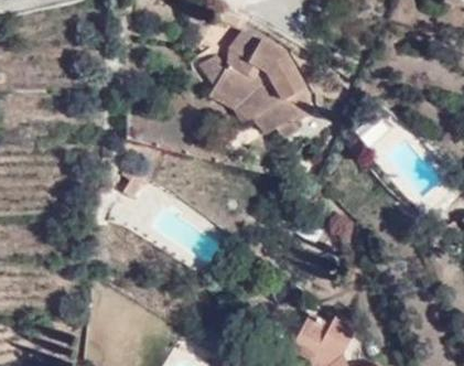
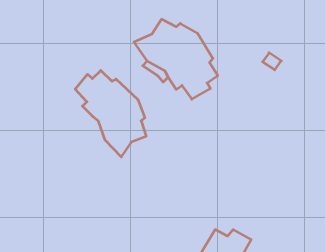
building: none -> [75,70,146,157]

